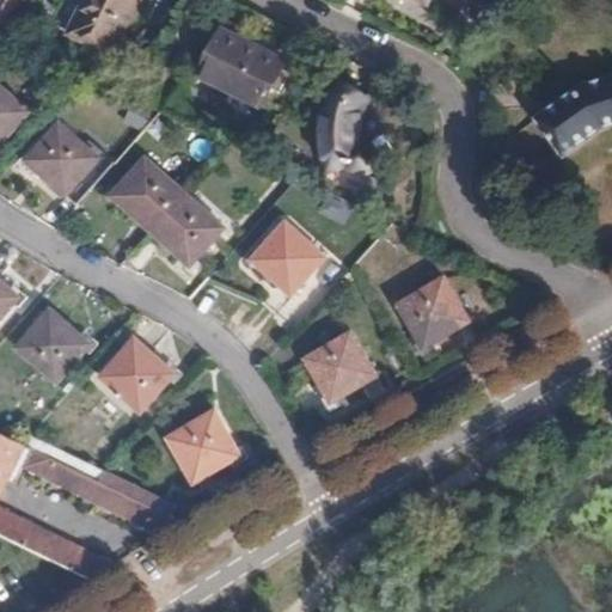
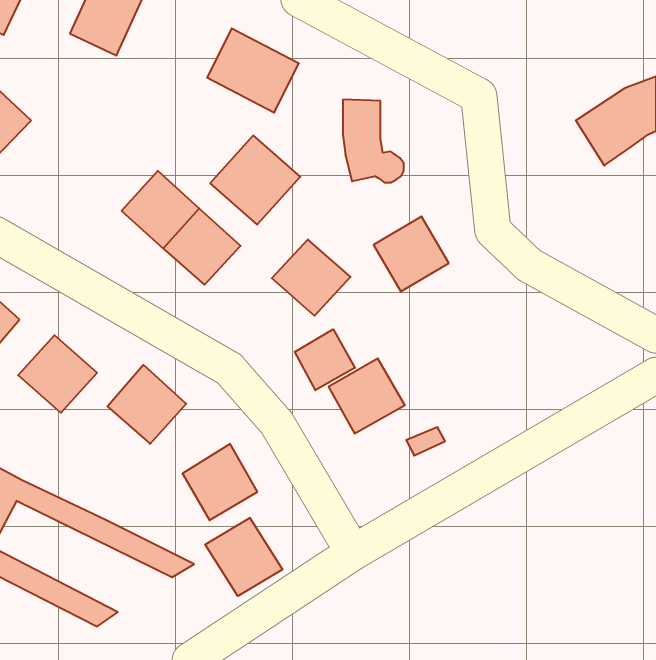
building: [25,122,98,192] -> none
building: none -> [210,136,300,225]
building: [397,277,466,347] -> [374,216,449,292]
building: none -> [295,329,355,390]
building: none -> [205,518,282,596]

